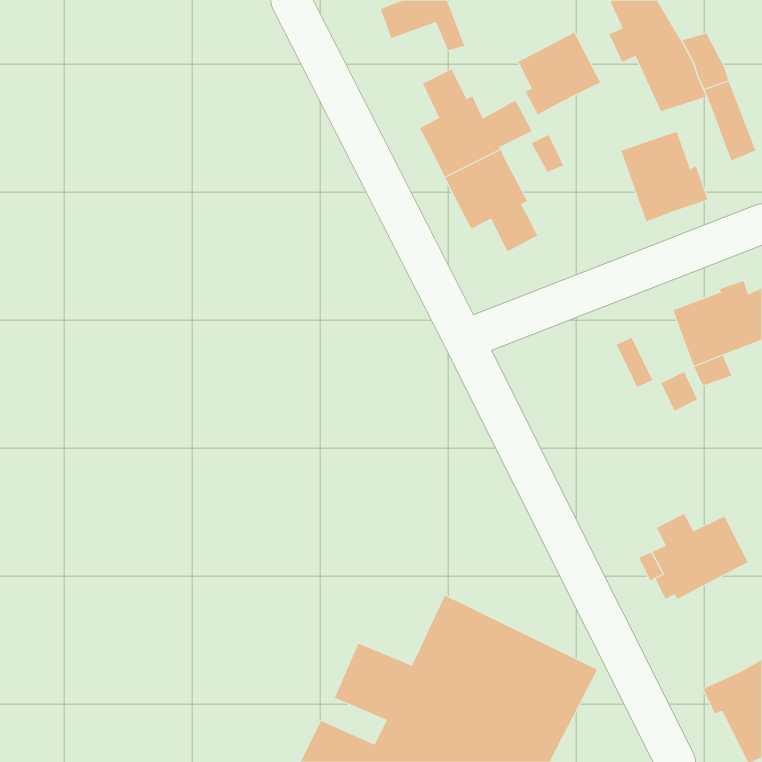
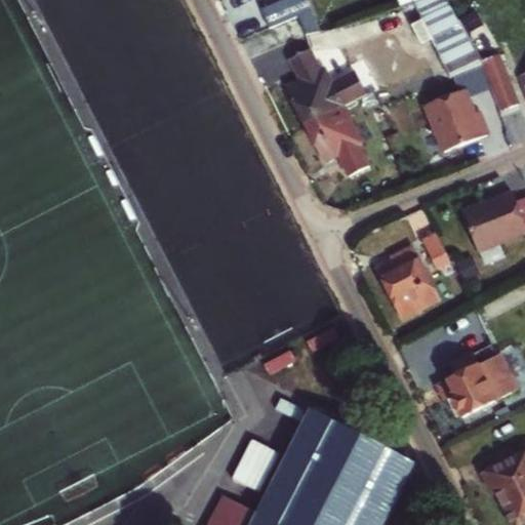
building: [518,32,601,115] -> none
building: none -> [379,243,438,314]

